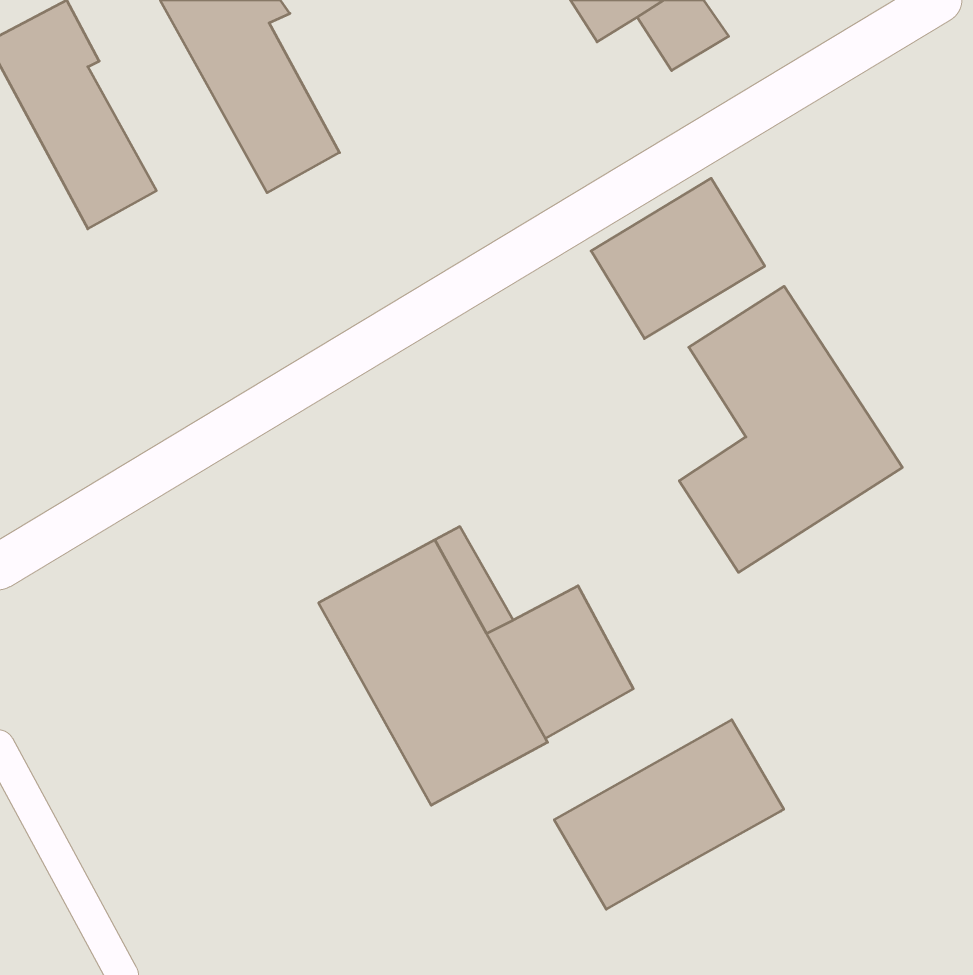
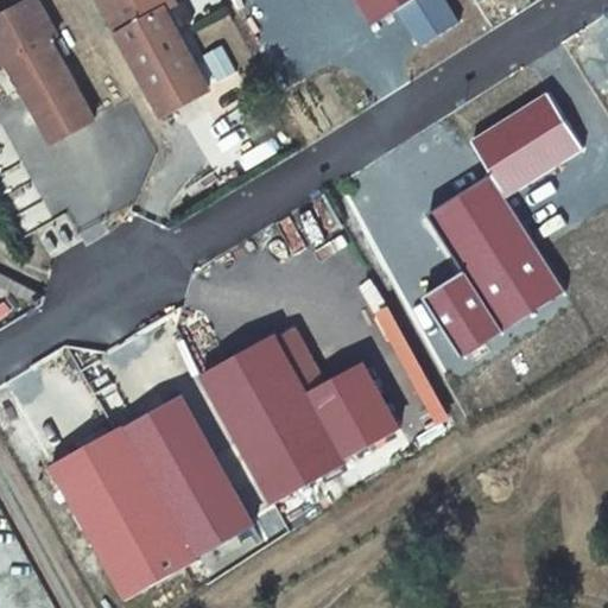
building: [591,178,765,339] -> [470,96,578,196]
building: none -> [45,397,247,600]
building: [554,720,784,909] -> none

